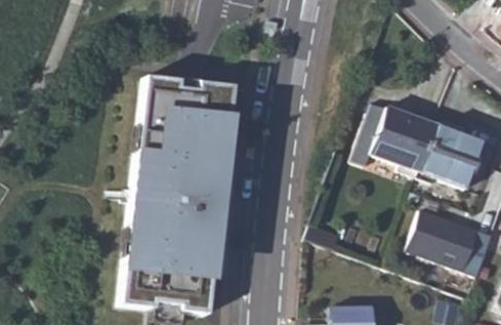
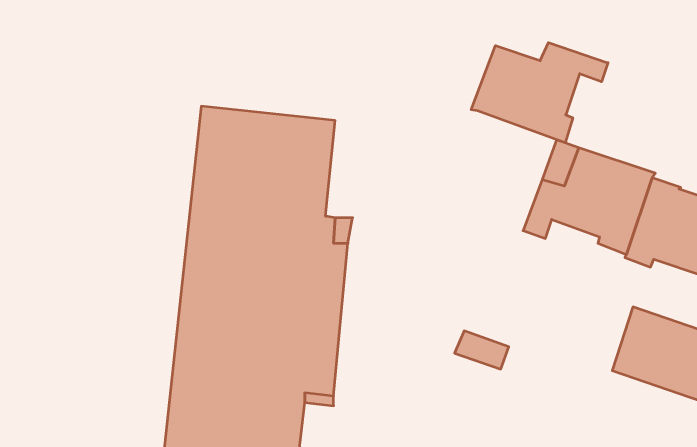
building: none -> [471,43,608,143]

